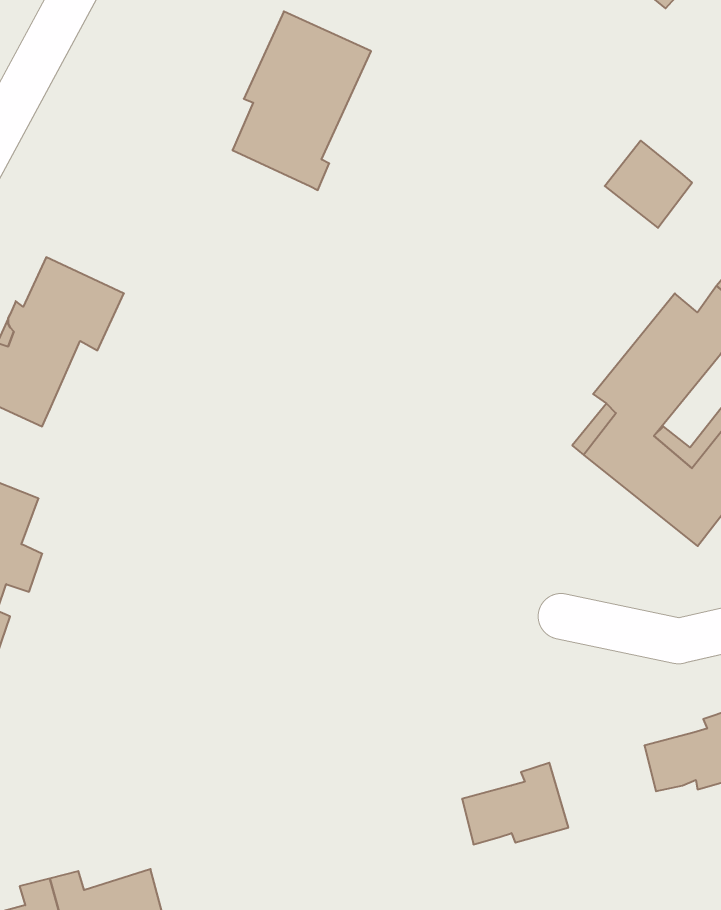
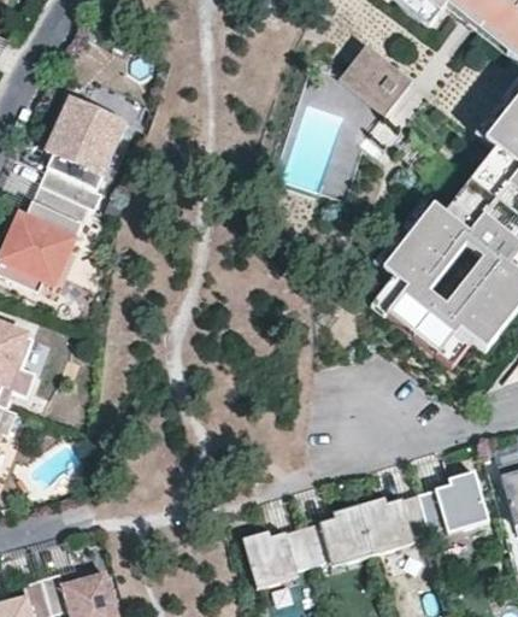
building: [232,11,371,190] -> [39,95,126,208]
building: [605,141,692,228] -> [349,48,405,104]
building: none -> [358,493,425,545]
building: none -> [242,527,310,577]

